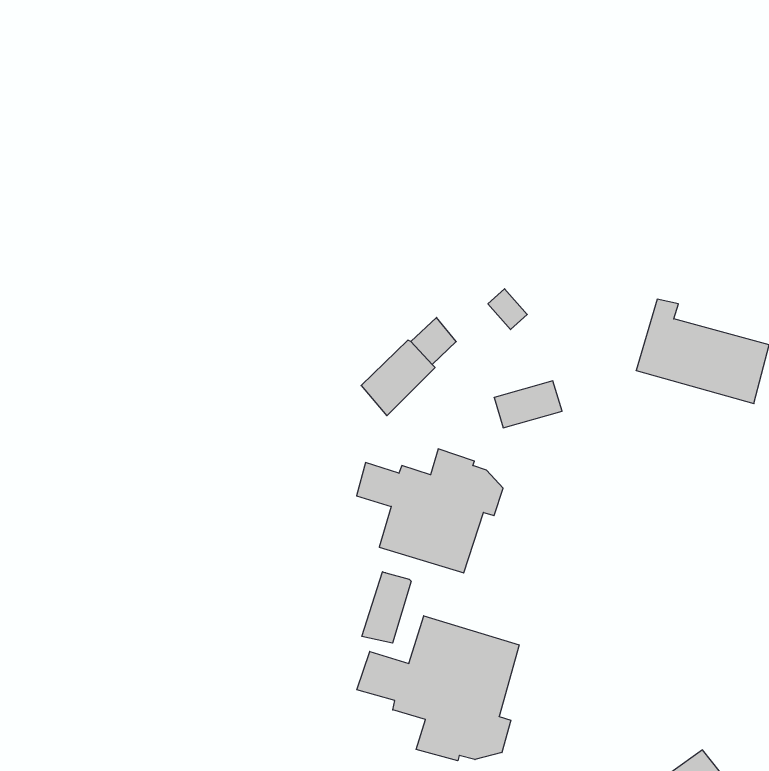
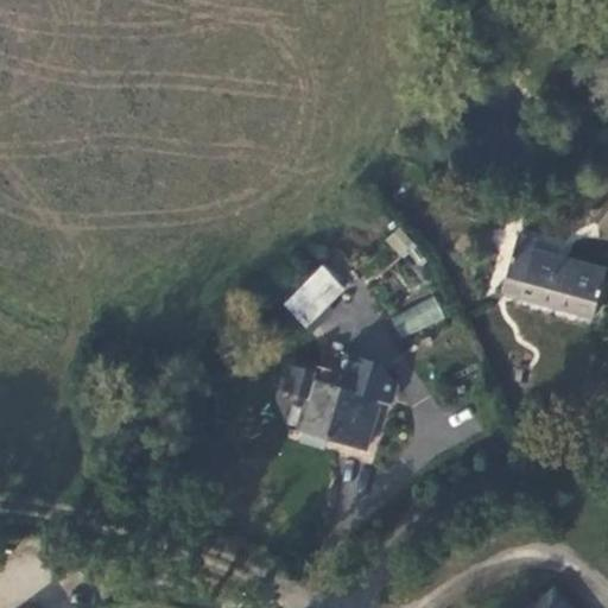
building: [362,572,411,643] -> none
building: [357,616,519,761] -> none

